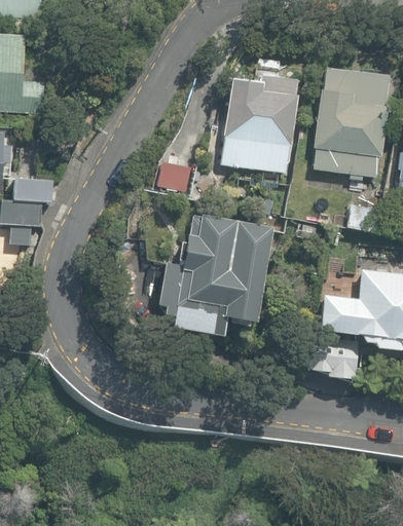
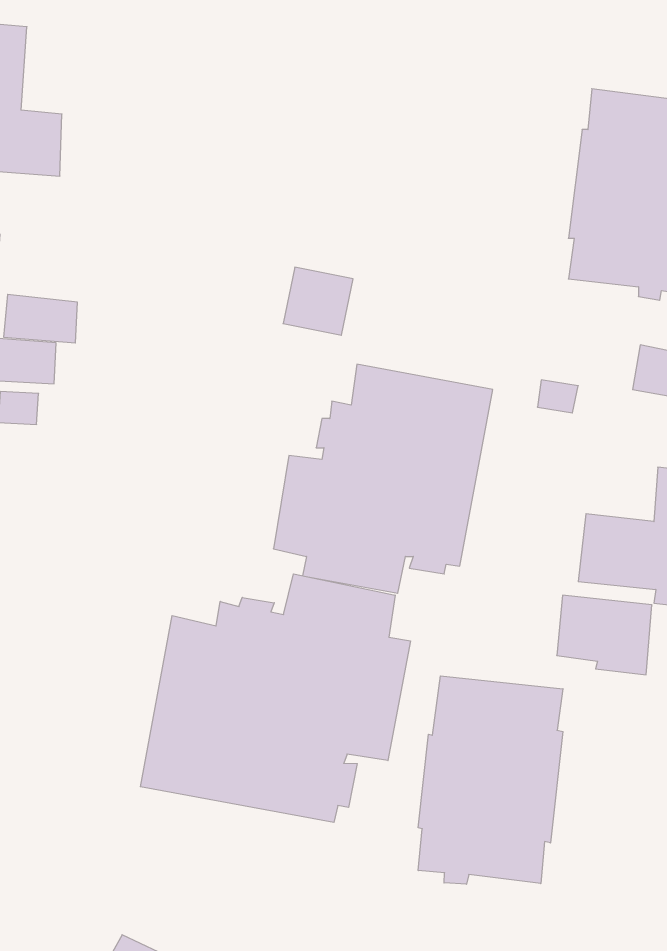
building: [221,75,298,173] -> none
building: none -> [140,574,410,822]
building: none -> [418,676,563,884]

